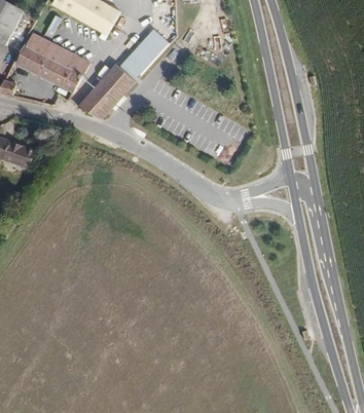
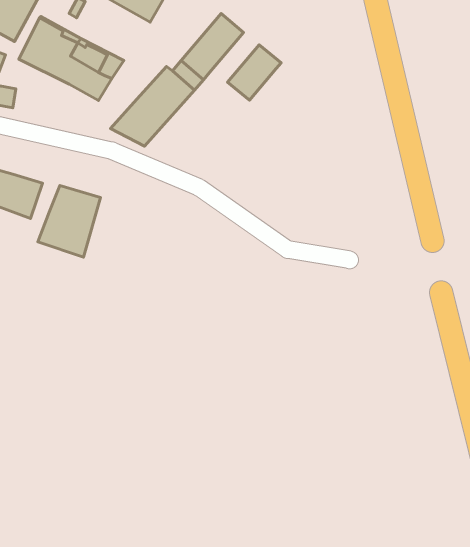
building: none -> [228,45,281,100]
building: none -> [38,186,101,257]

